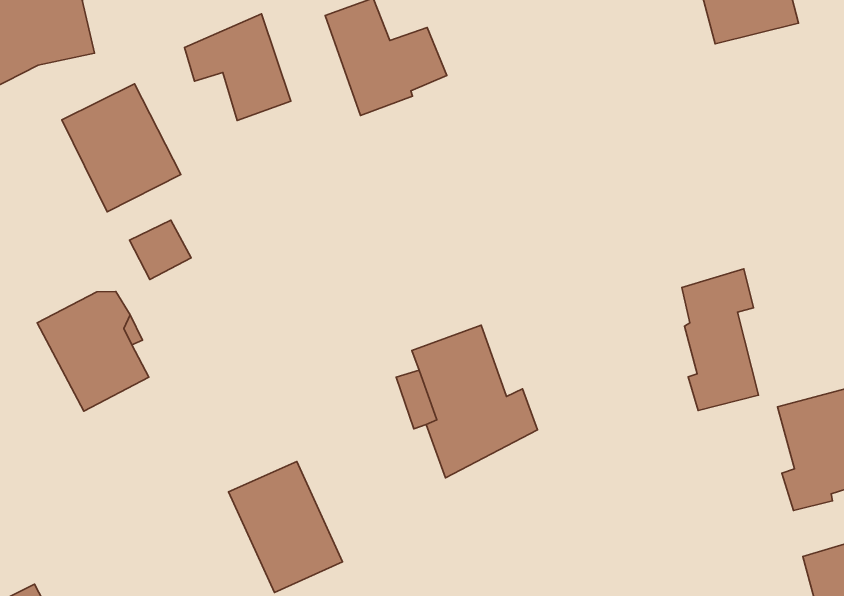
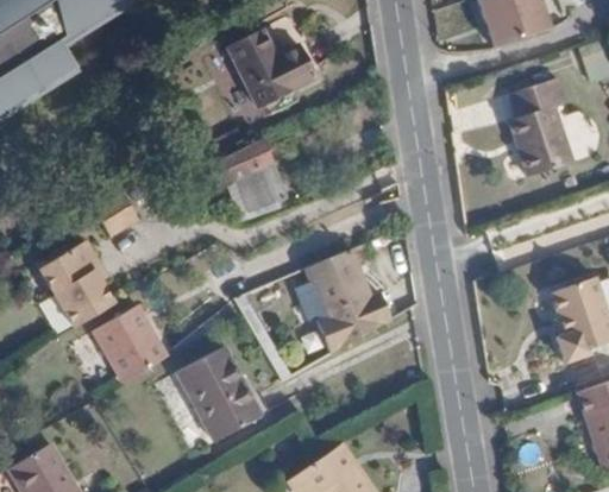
building: [184,14,291,120] -> [207,139,282,213]
building: [62,84,181,212] -> none
building: [682,269,758,411] -> [508,80,565,178]
building: none -> [94,308,171,386]

